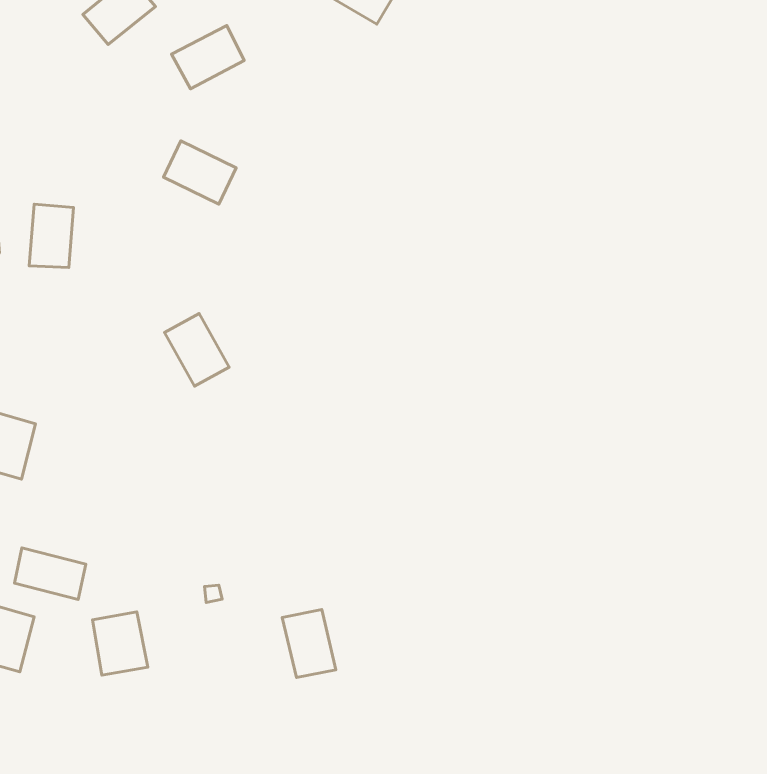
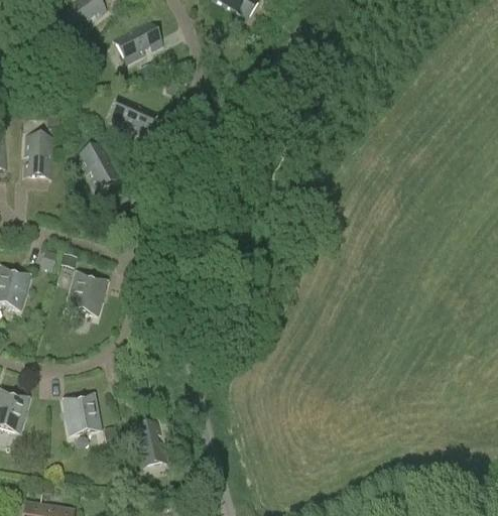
building: [165,313,229,386] -> [79,140,120,186]
building: none -> [69,271,107,314]
building: [14,548,86,599] -> none
building: [282,610,336,678] -> [133,420,167,464]

